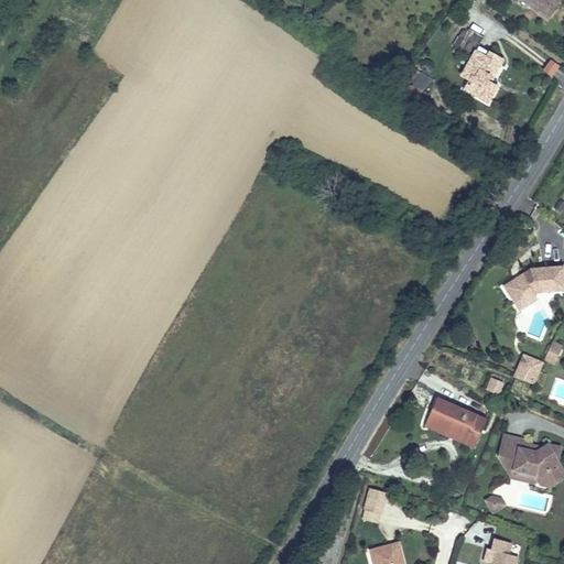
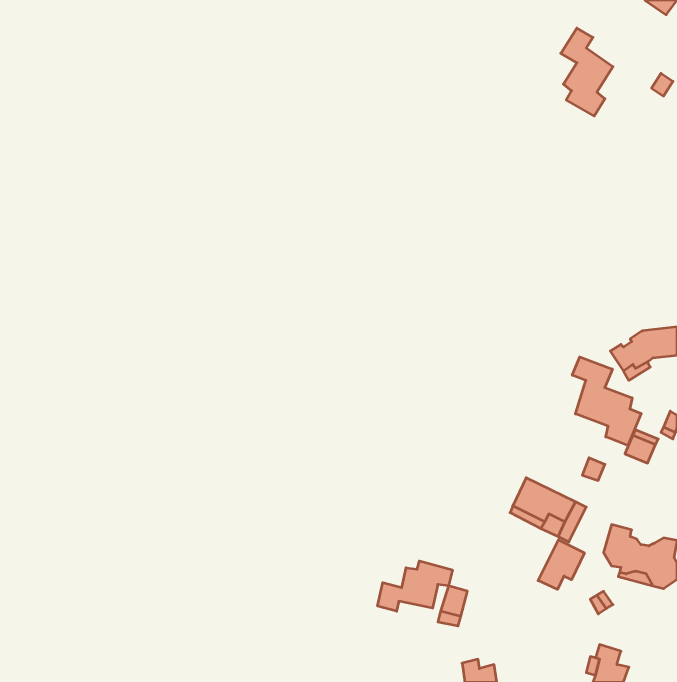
building: none -> [572,357,641,445]
building: none -> [538,540,584,589]
building: none -> [378,561,452,611]

